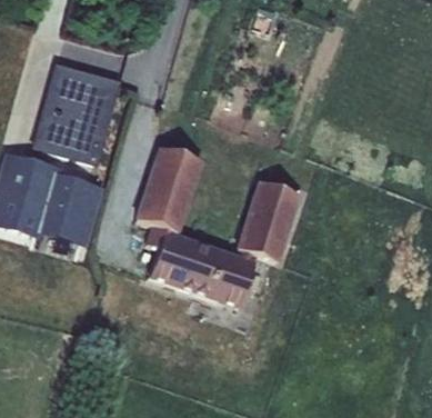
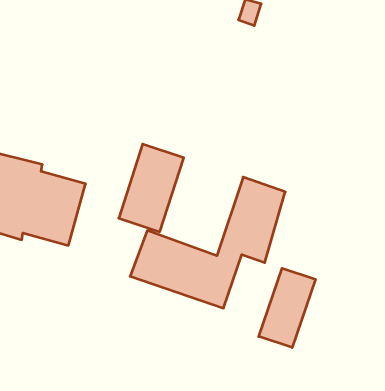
building: [37,66,118,161] -> none
building: none -> [259,268,315,348]

